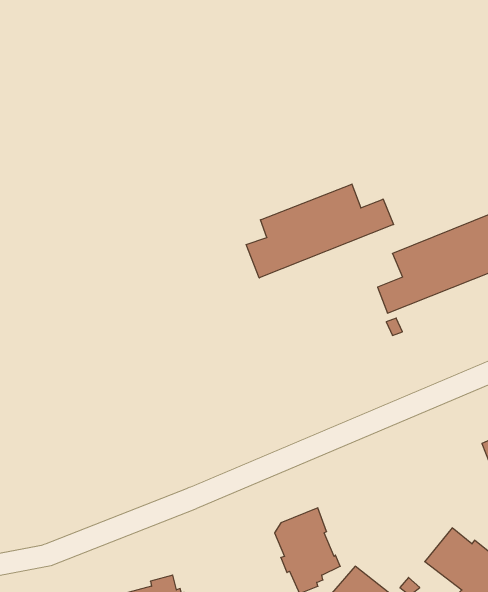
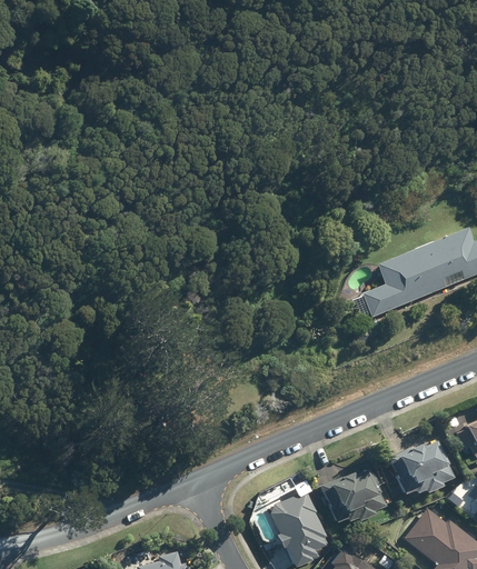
building: [246,184,394,278] -> none
building: none -> [390,441,454,493]
building: none -> [321,470,386,523]

